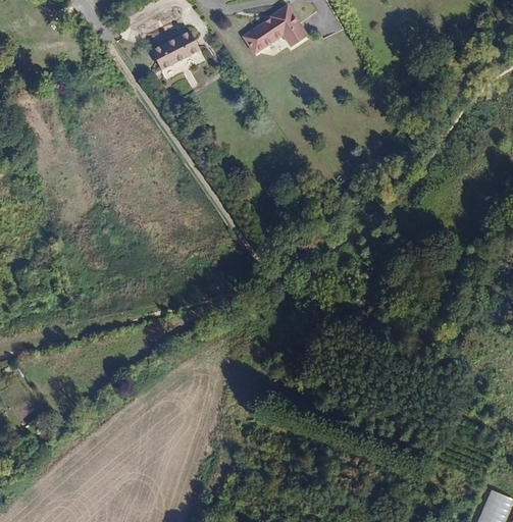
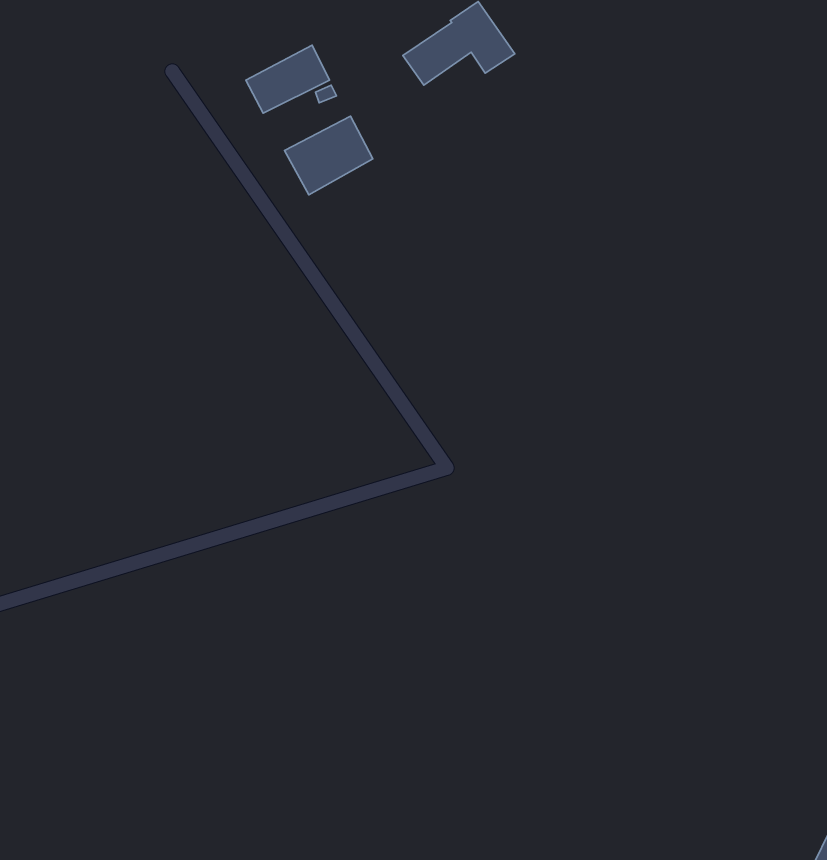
building: none -> [285,116,373,195]

